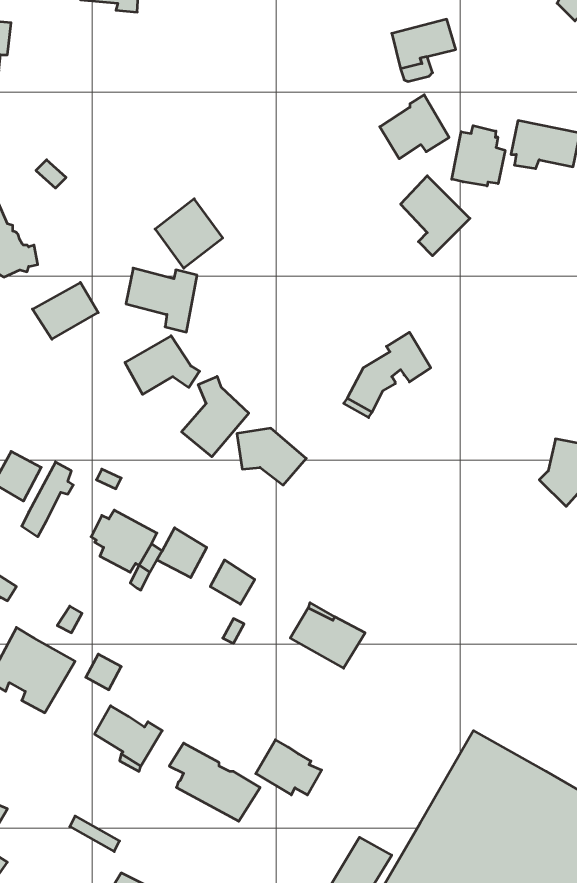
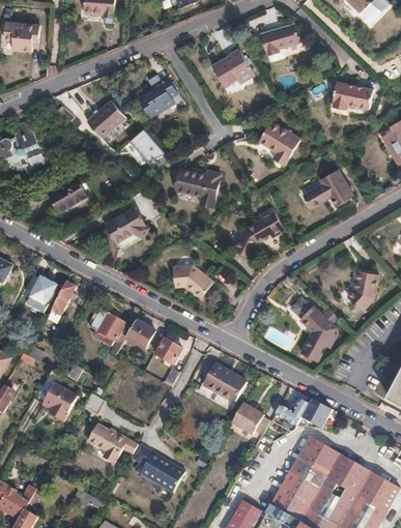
building: [380,95,449,159] -> [213,53,254,90]
building: none -> [138,76,175,117]
building: [452,126,505,186] -> none
building: none -> [87,104,125,138]
building: [126,268,197,332] -> [176,170,218,207]
building: none -> [303,169,352,206]
building: [182,376,249,457] -> none
building: none -> [300,303,340,358]
building: none -> [276,399,330,428]
building: [256,740,322,795] -> [231,403,269,435]

